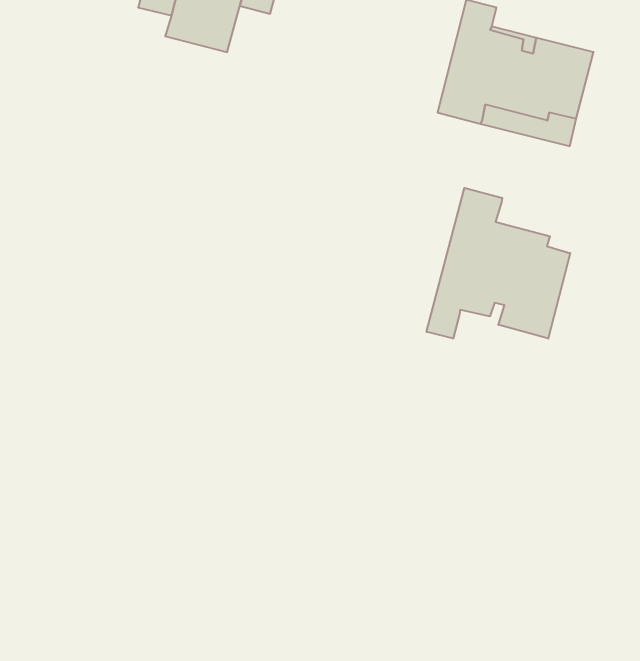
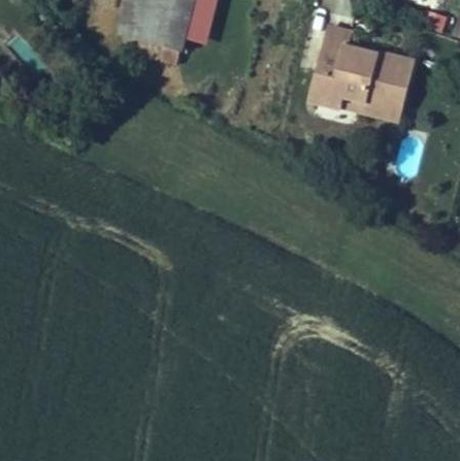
building: [427,188,570,339] -> none

